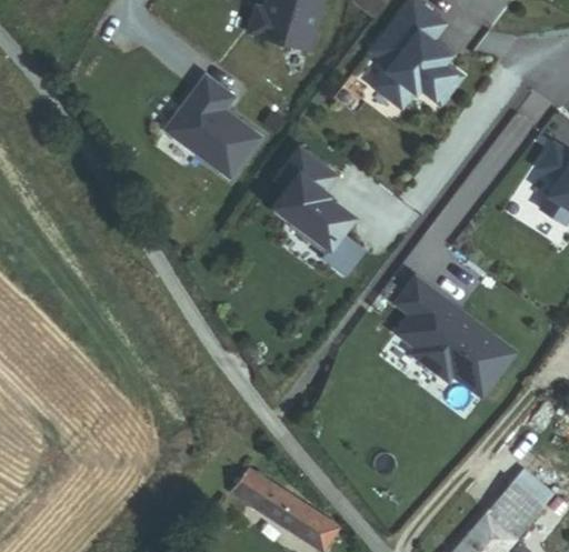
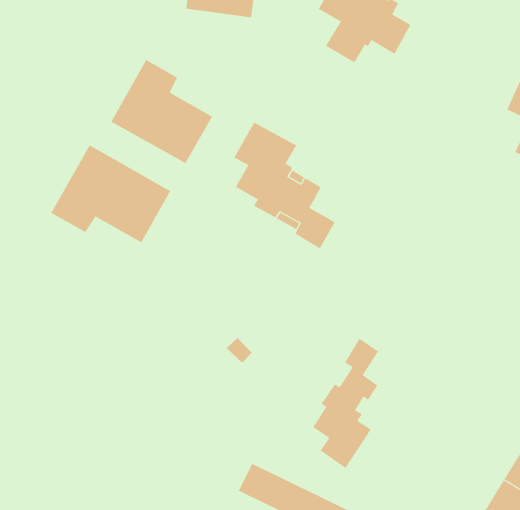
building: none -> [51,144,171,243]
building: [396,275,516,397] -> none
building: none -> [313,338,379,469]

